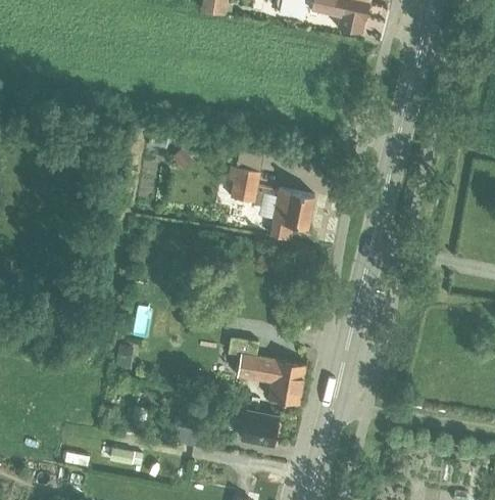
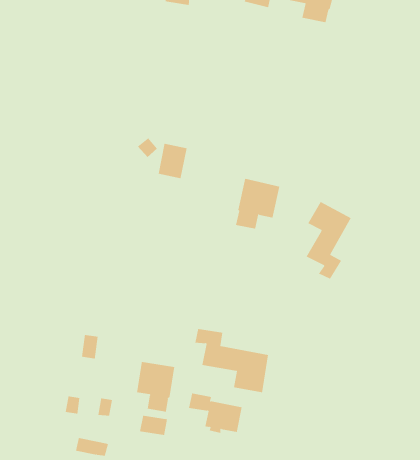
building: [231,167,260,202] -> [158,143,187,179]
building: none -> [306,201,351,280]
building: none -> [136,361,175,413]

